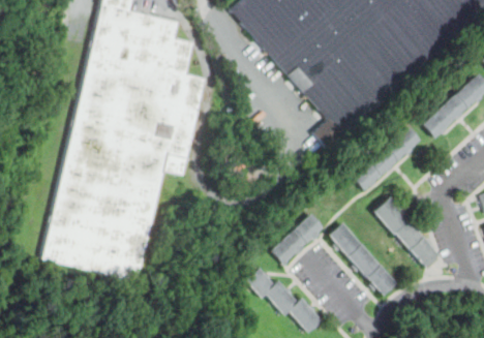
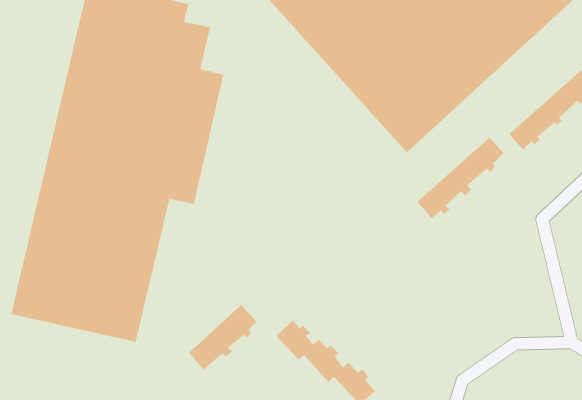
building: [373,195,438,269] -> none
building: [270,212,323,263] -> [188,304,257,371]
building: [329,220,395,294] -> none

